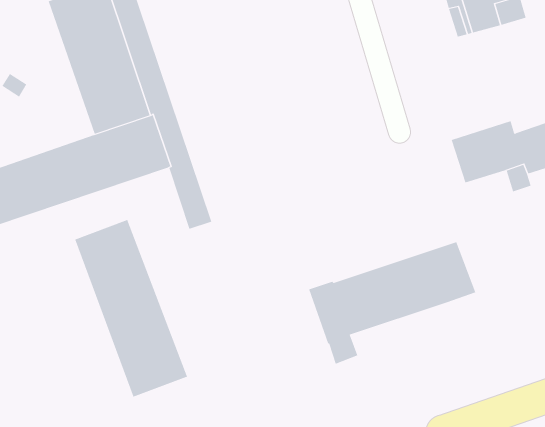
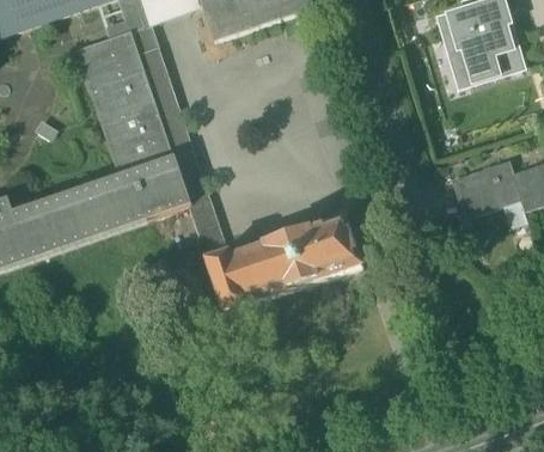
building: [75,219,188,398] -> none
building: [308,241,476,364] -> [206,218,362,332]

